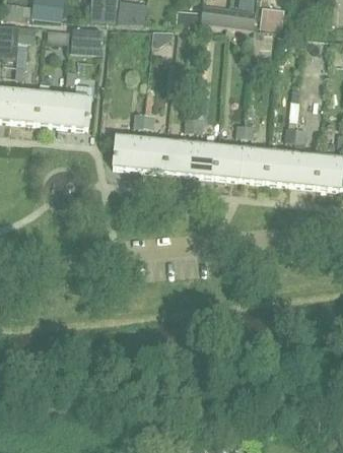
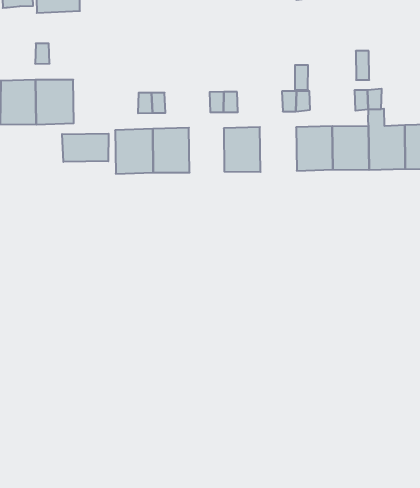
building: none -> [62,134,109,162]
building: [164,140,192,174] -> none
building: [214,145,243,179] -> none

